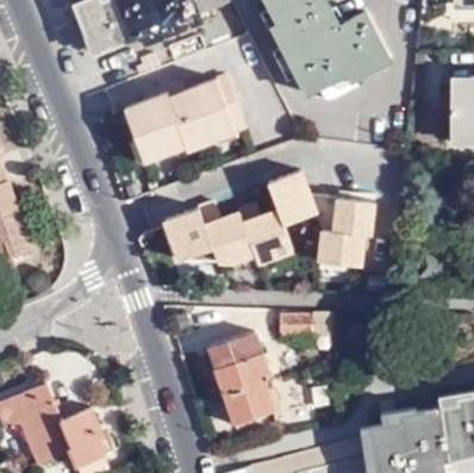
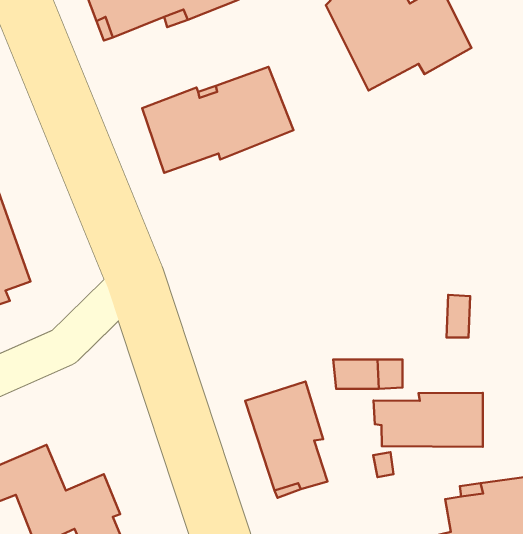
building: [168,170,373,268] -> none
building: none -> [374,393,483,447]

